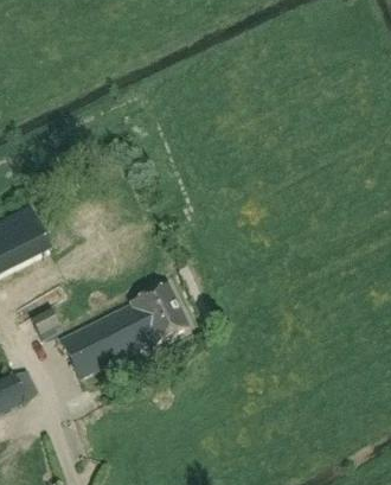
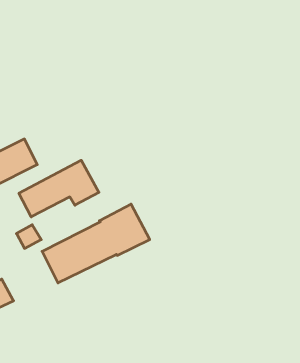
building: none -> [19,160,99,217]

